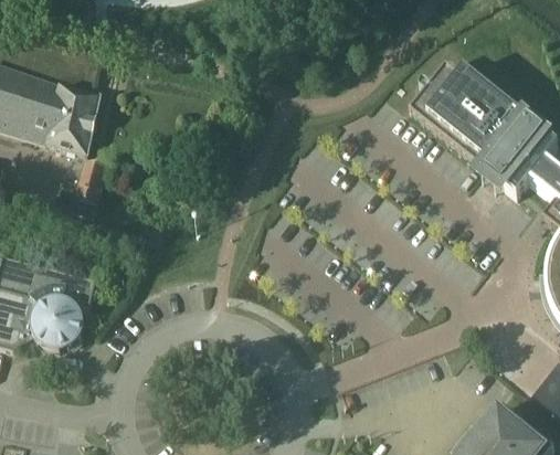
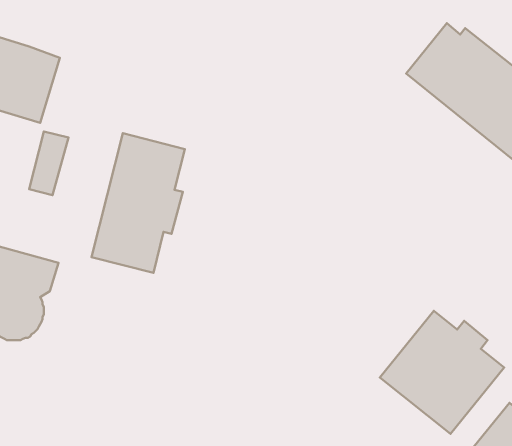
building: none -> [92,133,185,273]
building: none -> [380,311,504,434]

